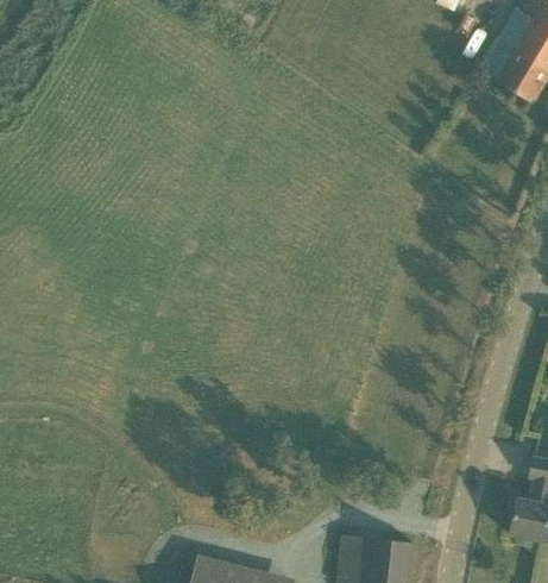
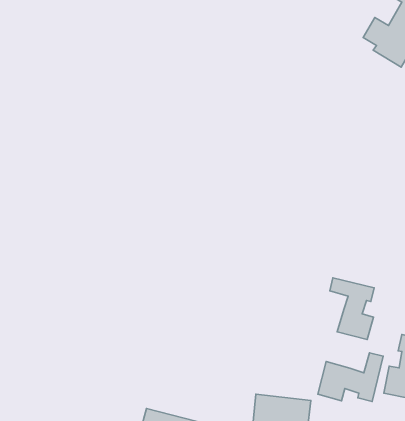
building: none -> [330,278,374,340]
building: none -> [318,353,383,401]

